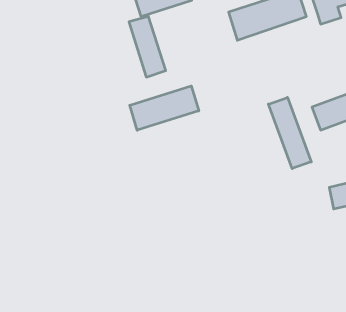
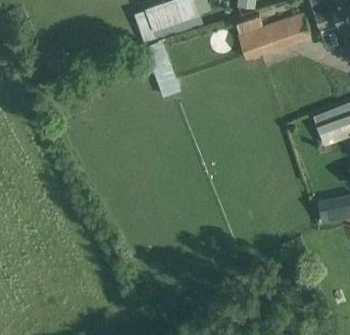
building: [130,86,199,130] -> none
building: [268,97,311,169] -> none

